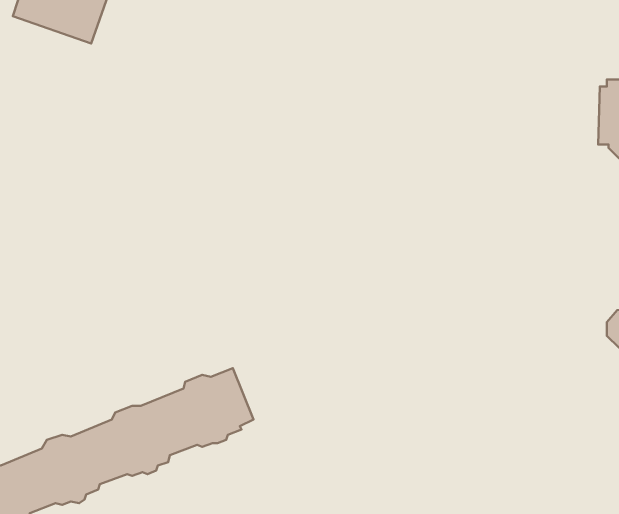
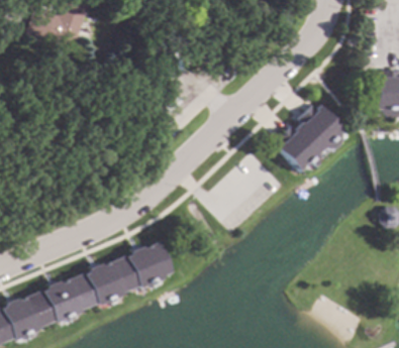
building: none -> [276,105,342,170]

